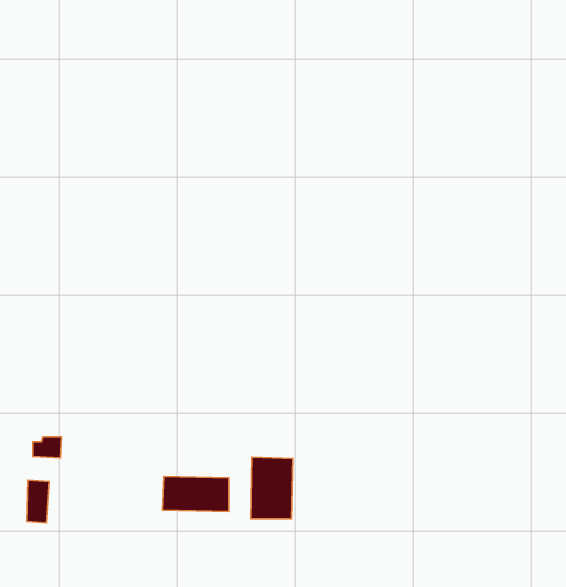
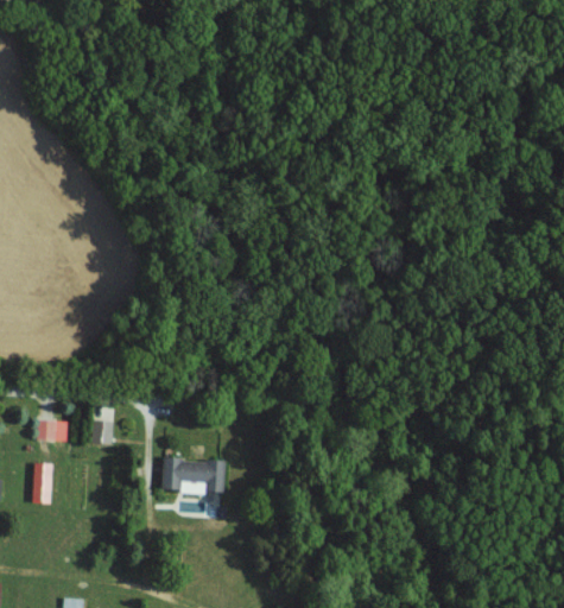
building: none -> [88,419,113,443]
building: [251,457,293,519] -> none

